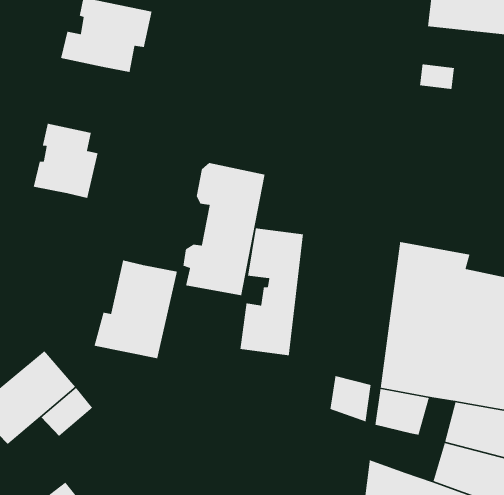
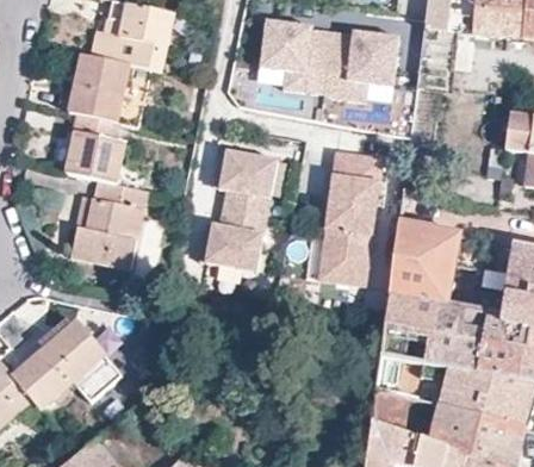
building: none -> [259,19,398,102]
building: none -> [69,54,129,123]
building: [239,227,304,356] -> [322,152,380,269]
building: [94,259,178,359] -> [70,179,147,269]
building: [329,375,372,423] -> [371,388,409,431]

